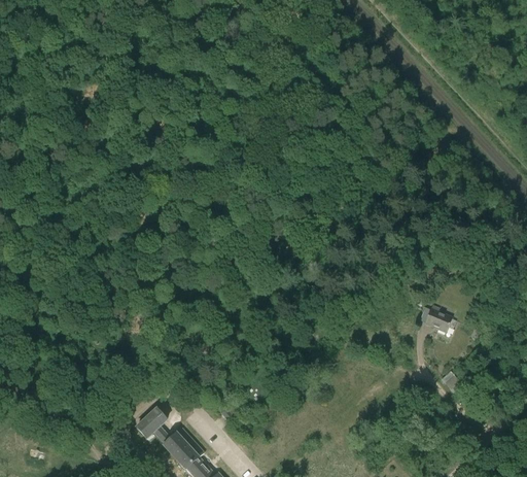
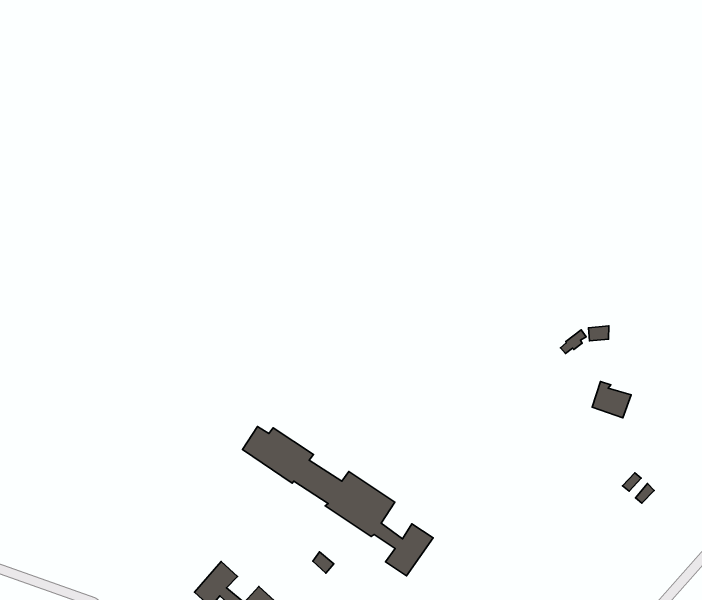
building: none -> [242,427,433,576]

